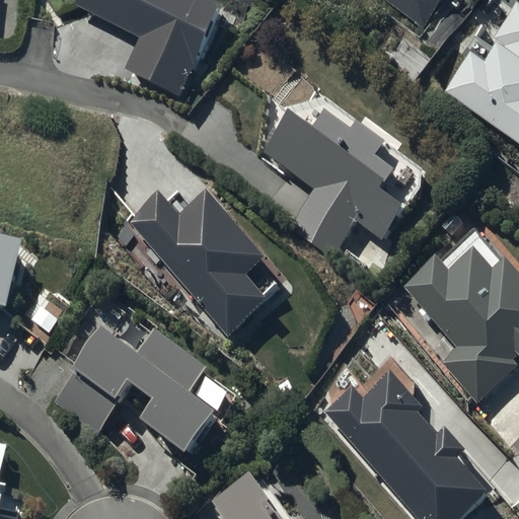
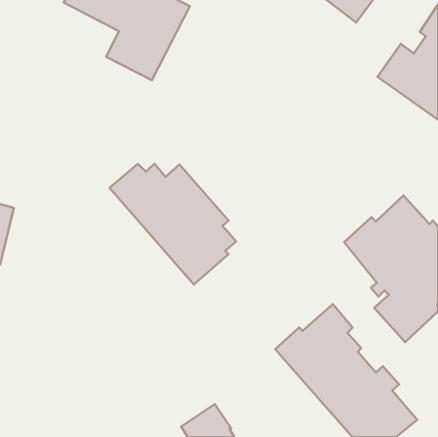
building: [262,110,405,256] -> none
building: [52,328,219,473] -> none

